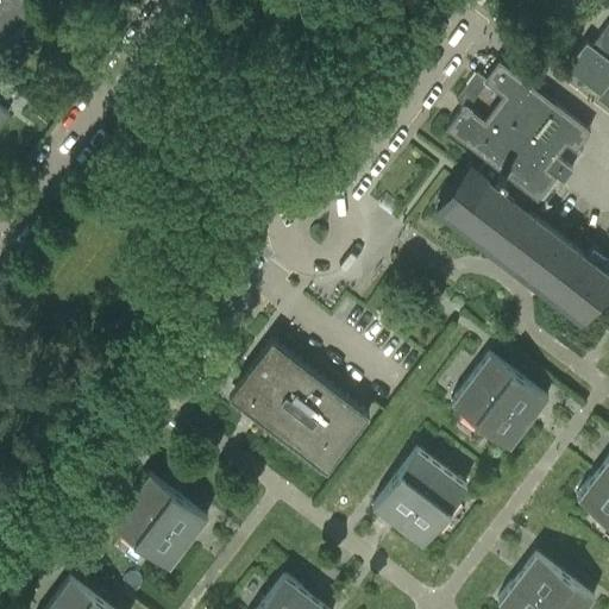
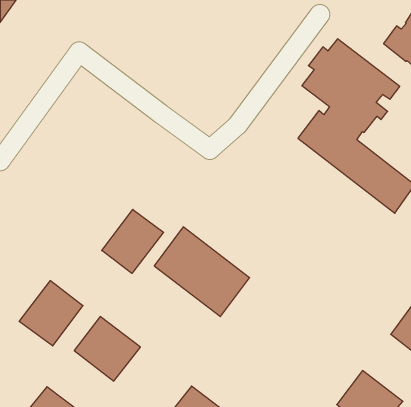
building: none -> [102,209,164,273]
building: [452,354,550,450] -> none
building: none -> [19,281,83,346]
building: [372,450,467,547] -> none

